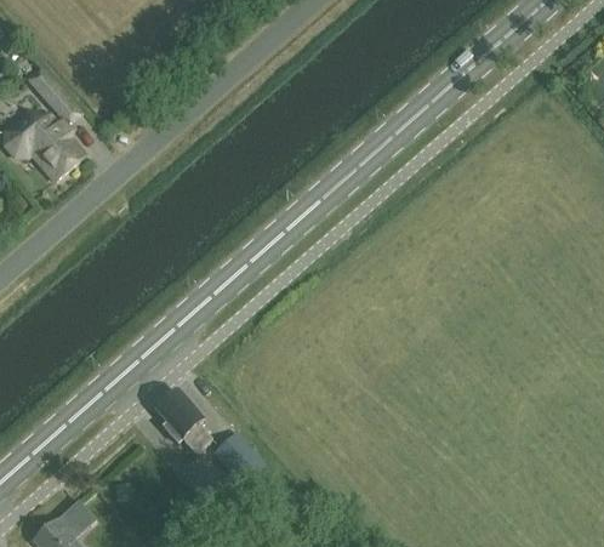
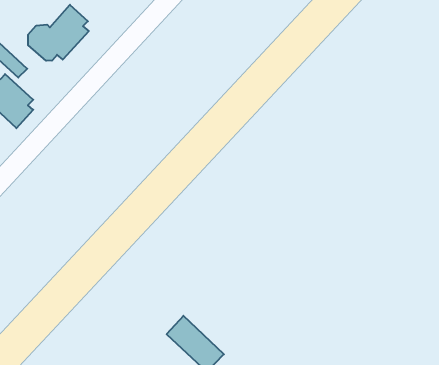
building: none -> [28,5,89,61]
building: [158,392,213,454] -> none

